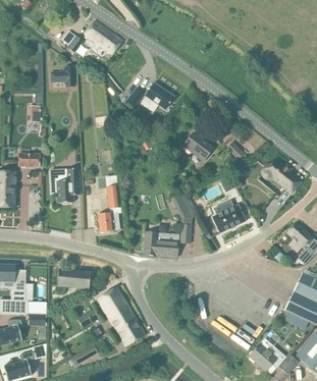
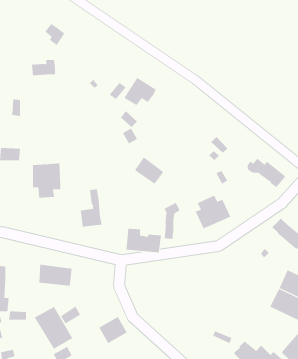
building: [85,19,123,54] -> none
building: [183,132,213,160] -> [134,157,164,185]
building: [97,287,136,330] -> [34,306,73,350]

